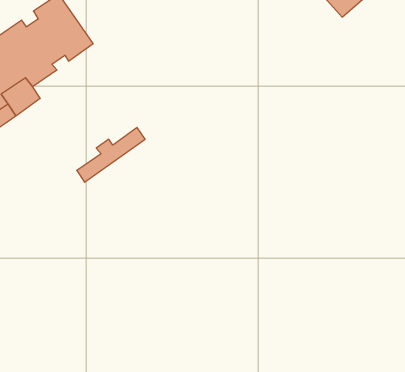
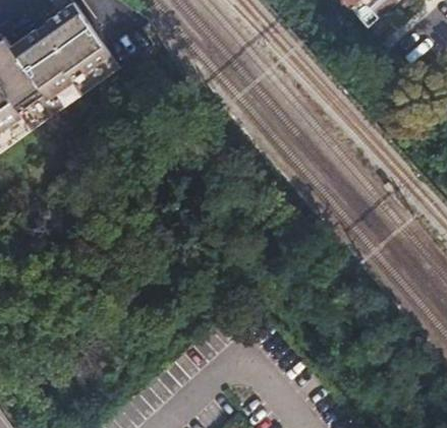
building: [77,128,145,182] -> [45,53,116,110]

